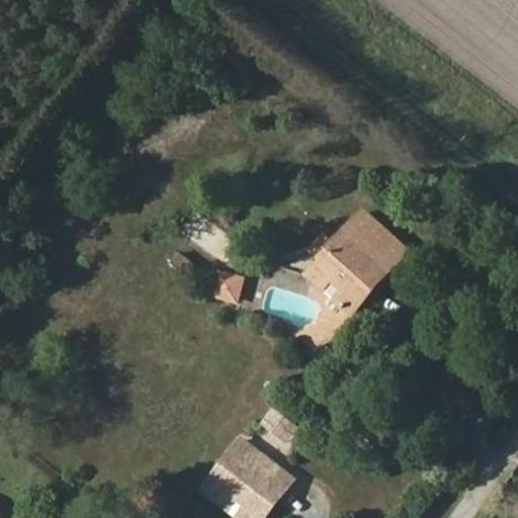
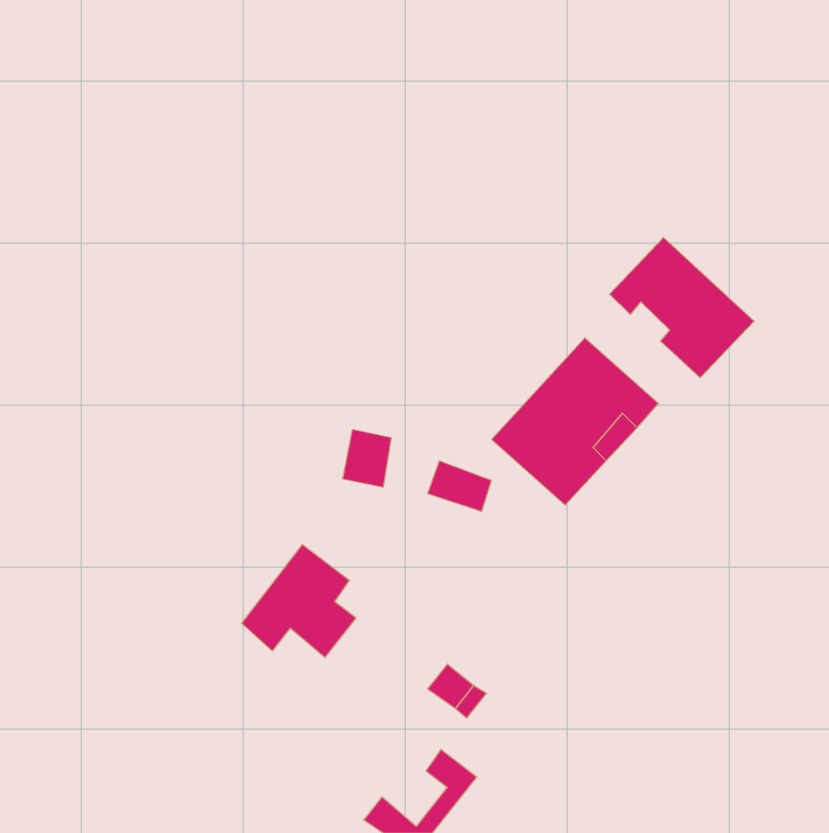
building: none -> [609,237,754,378]
building: [205,440,276,510] -> [241,544,356,658]

